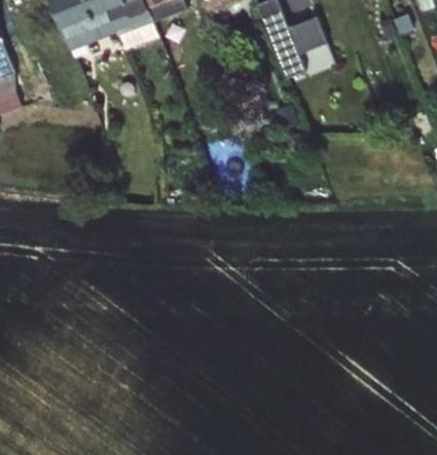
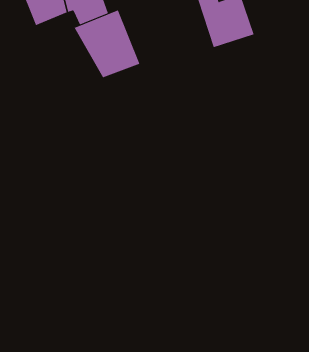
building: none -> [74,10,140,78]

